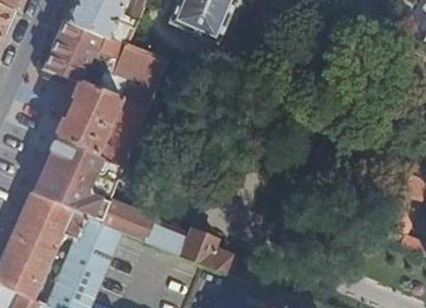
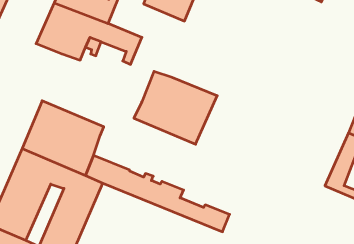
building: [52,79,149,165] -> [134,71,217,144]

